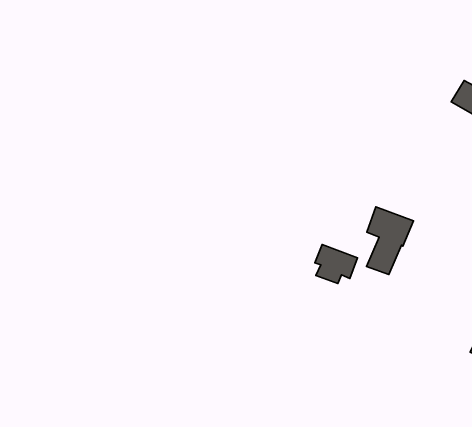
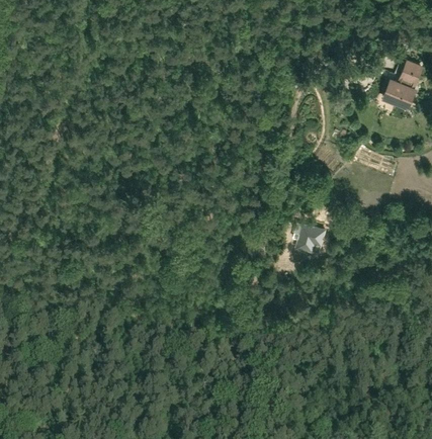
building: [366,207,414,275] -> none

